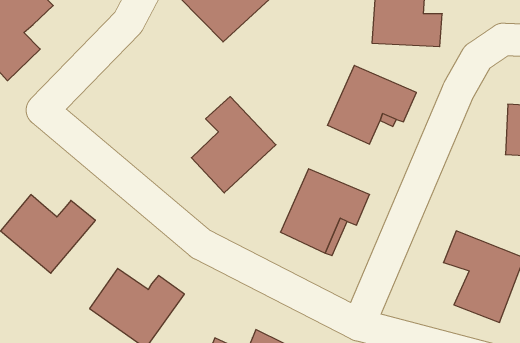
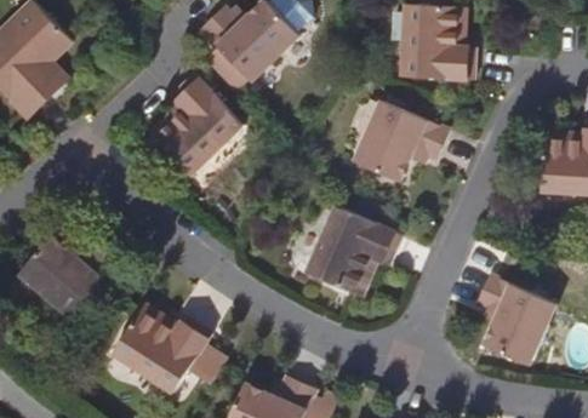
building: [191,97,276,193] -> [154,78,241,177]

